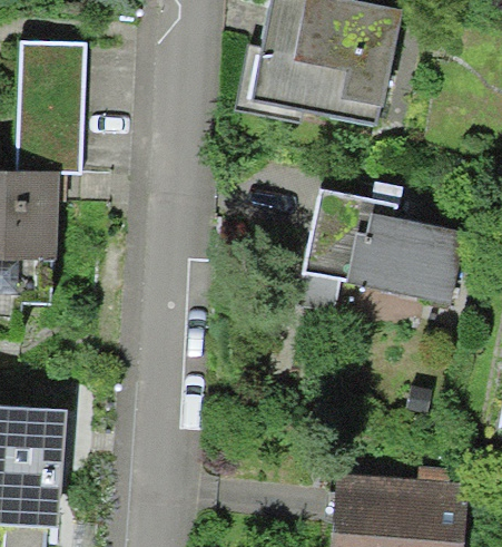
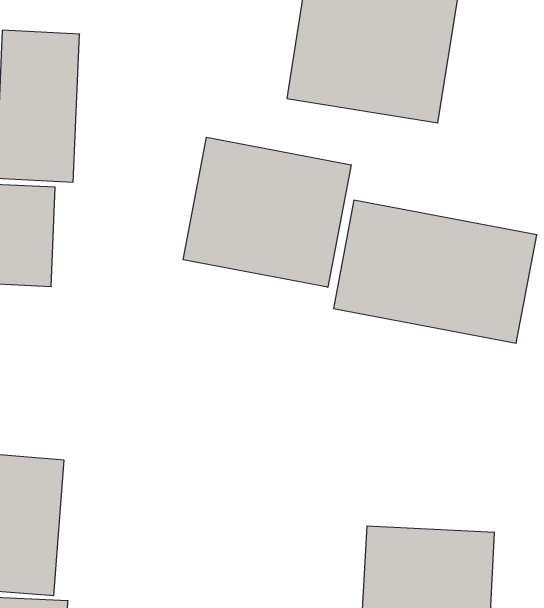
building: none -> [183,137,351,287]

